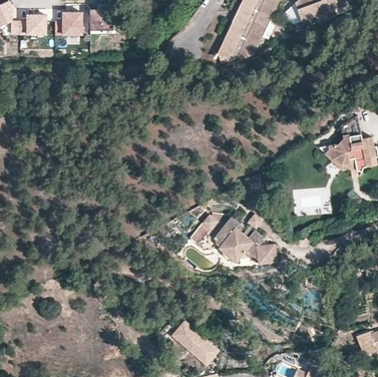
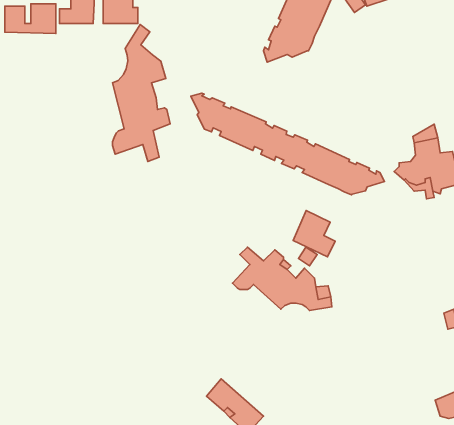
building: none -> [112,25,170,162]
building: none -> [191,93,385,195]
building: none -> [293,211,335,257]

